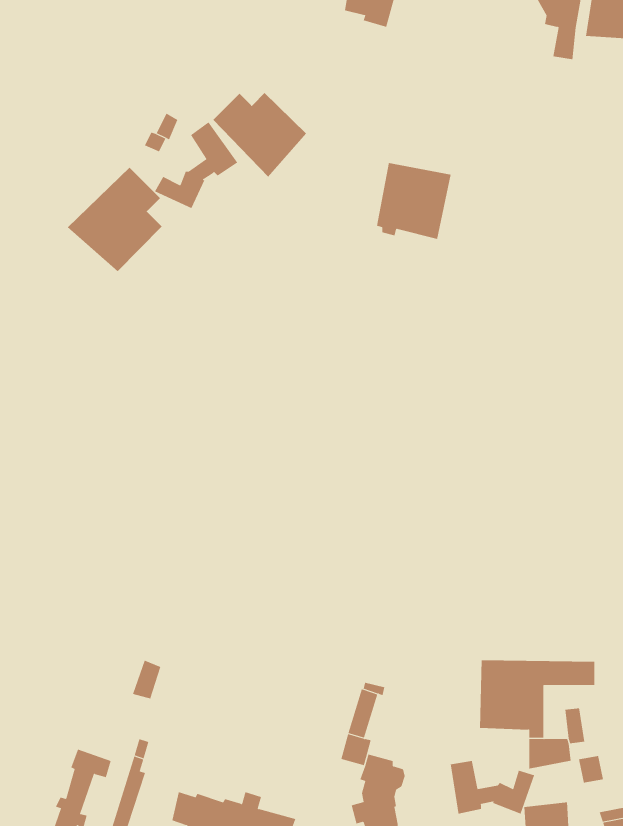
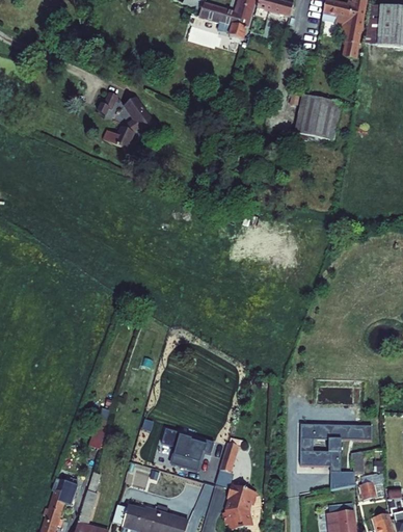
building: [213,92,307,177] -> none
building: [376,163,452,239] -> [296,95,342,141]
building: [67,167,162,272] -> none
building: none -> [162,428,214,471]
building: [450,760,535,814] -> none

